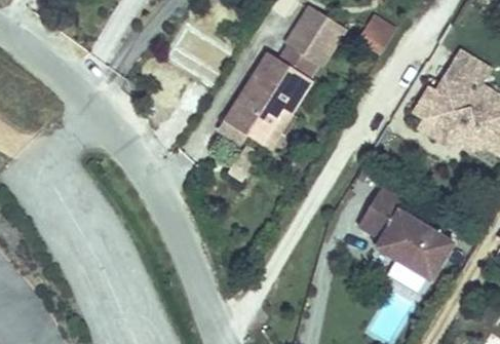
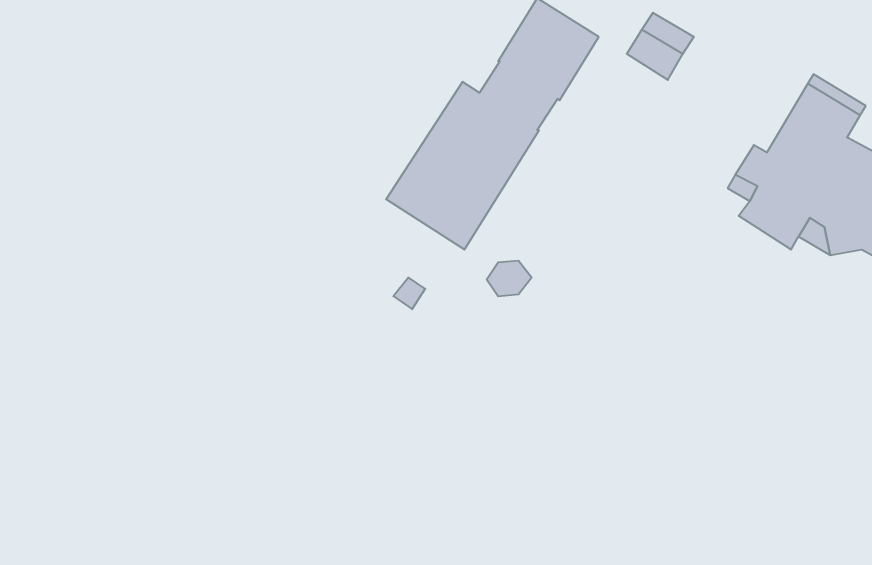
building: [354,185,453,283] -> none

